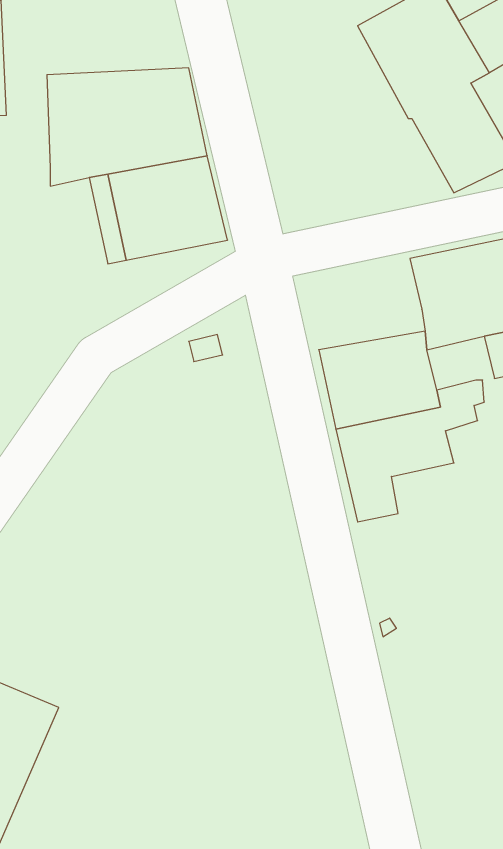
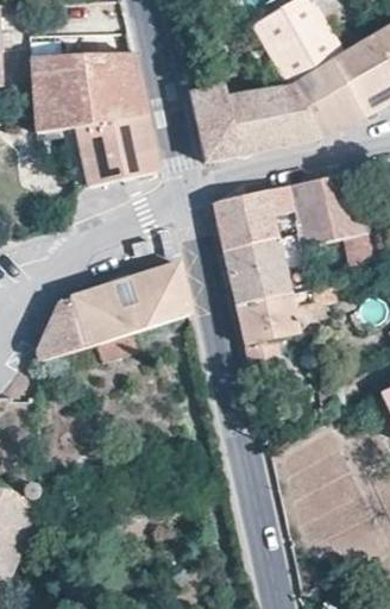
building: none -> [189,83,320,161]
building: none -> [214,183,300,247]
building: none -> [37,259,193,360]

